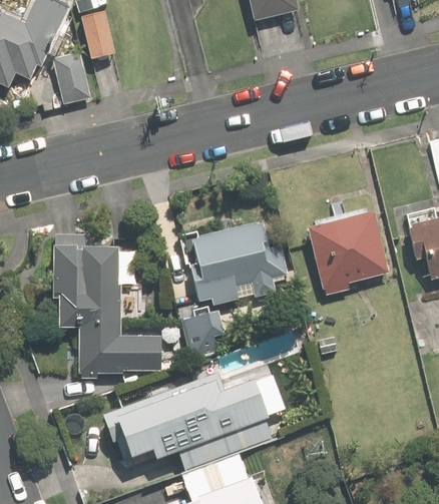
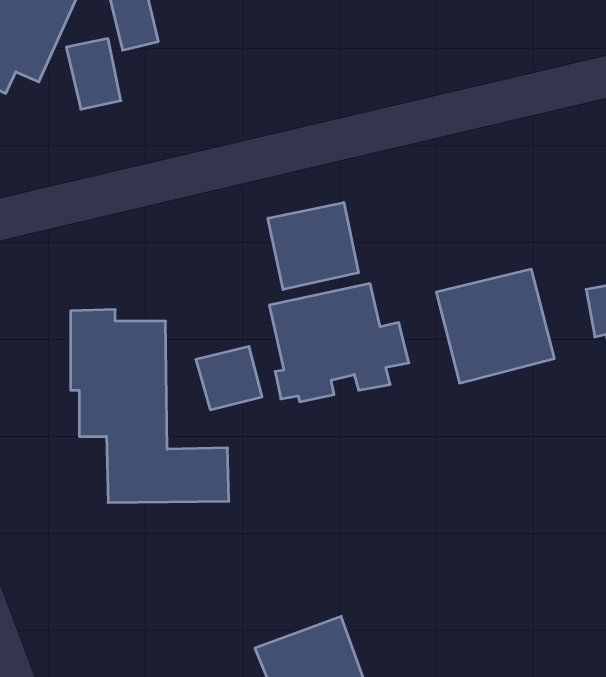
building: none -> [268,202,358,290]
building: [181,311,228,355] -> [196,346,262,410]
building: [103,373,276,469] -> none

